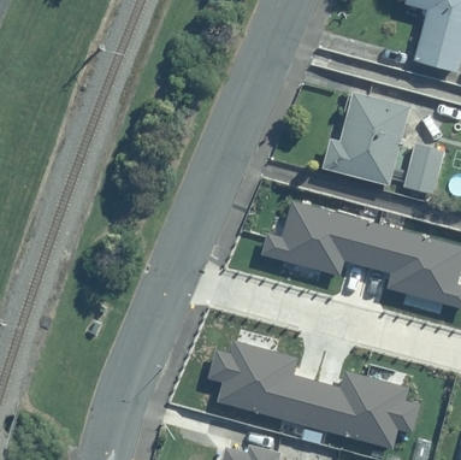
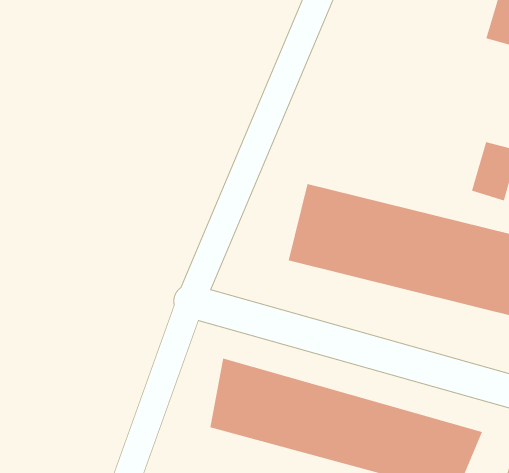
building: [320,98,408,193] -> none

